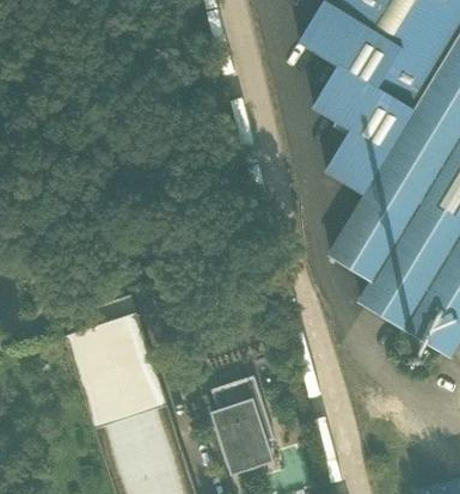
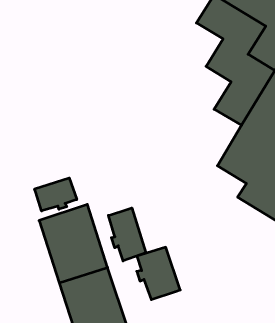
building: none -> [35,178,77,211]
building: none -> [108,208,146,261]
building: [214,422,274,475] -> none

